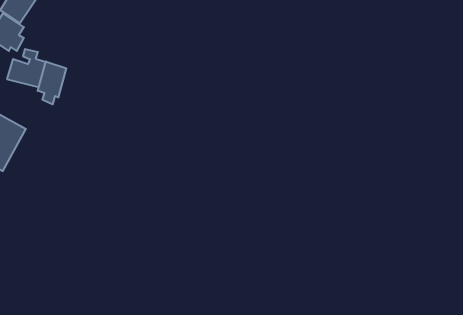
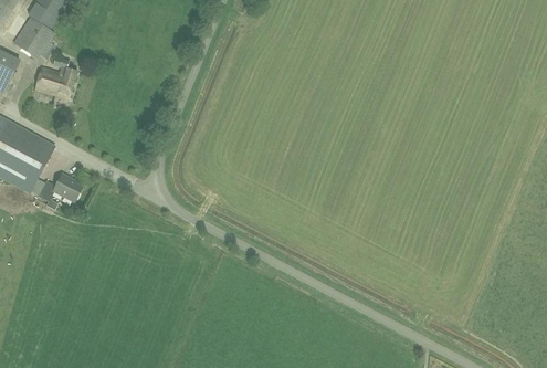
building: [38,61,66,104] -> none
building: none -> [38,172,82,200]

